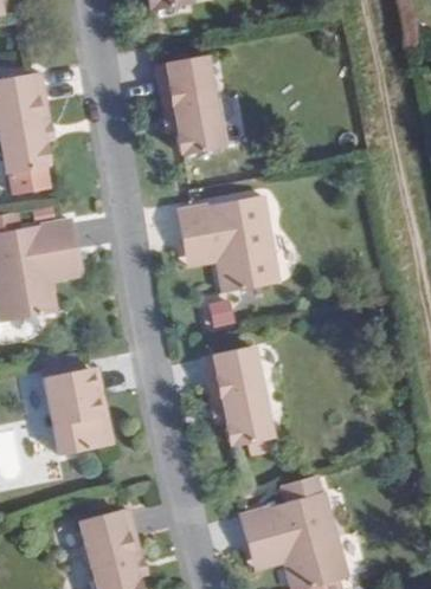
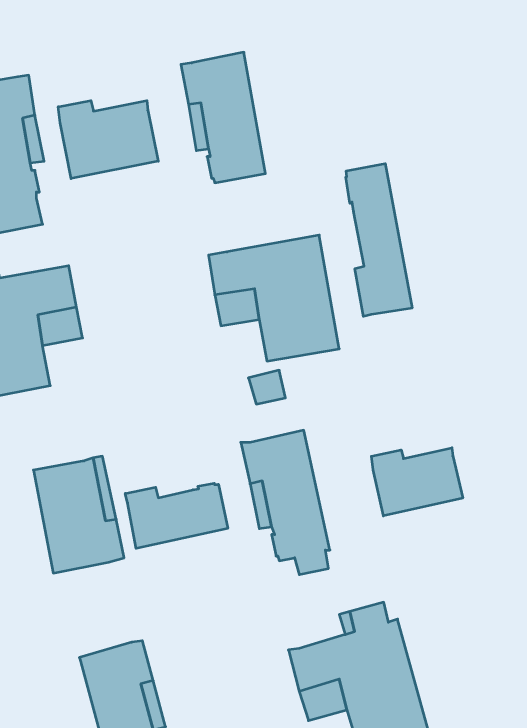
building: none -> [58,101,158,179]
building: none -> [346,164,412,316]
building: none -> [371,448,463,516]
building: none -> [125,483,228,548]

